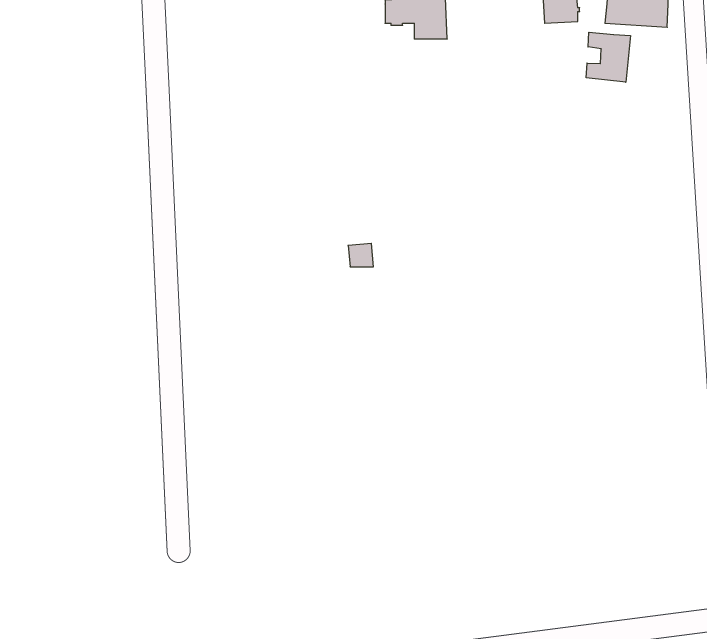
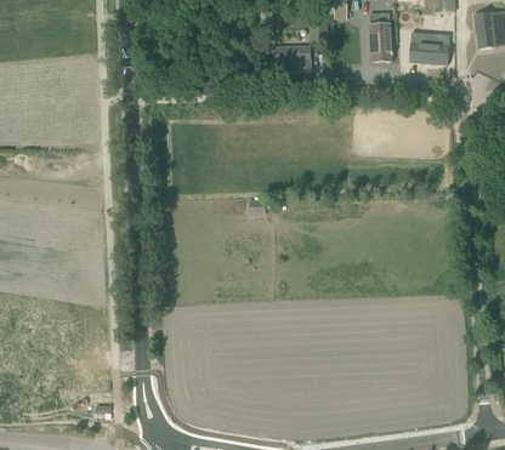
building: [586,32,630,82] -> none

